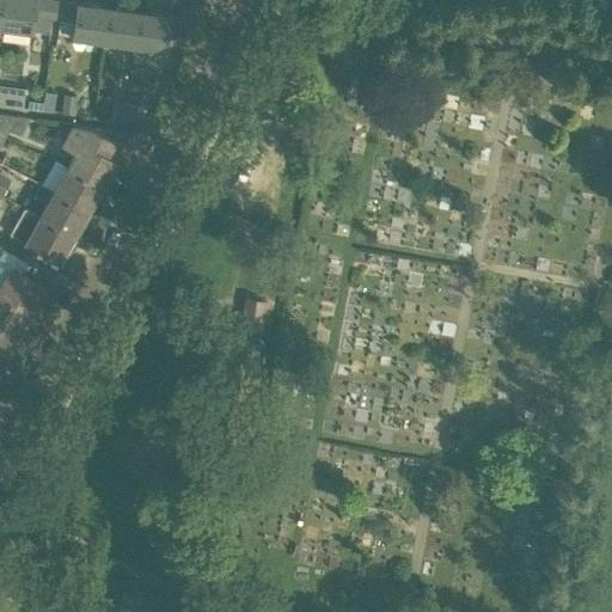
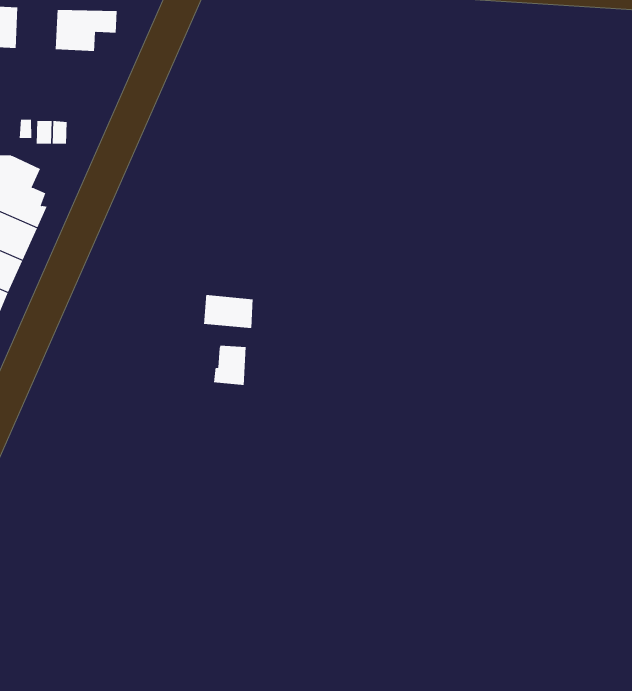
building: [97,10,133,47] -> none
building: none -> [203,294,253,329]

